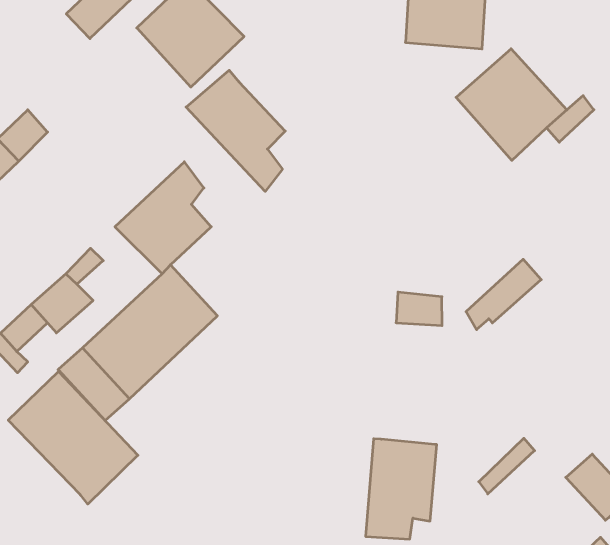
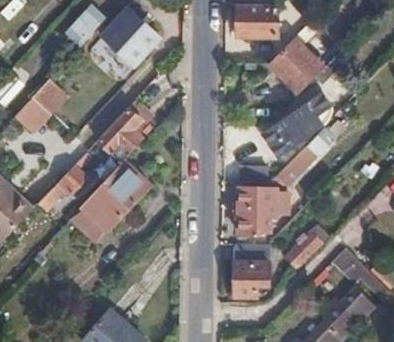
building: [186,70,285,191] -> none
building: none -> [260,93,331,159]
building: none -> [239,189,276,245]
building: [8,371,138,504] -> none

